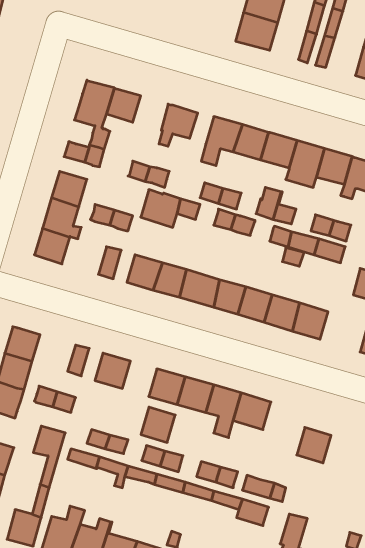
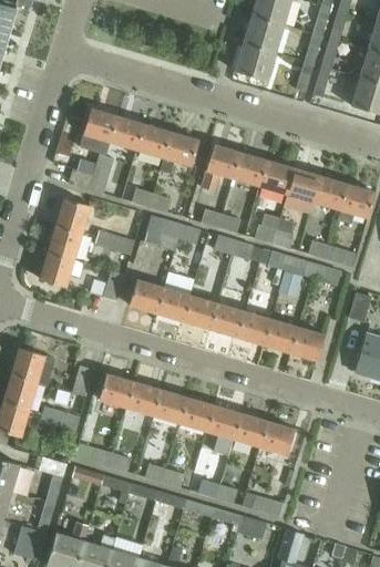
building: none -> [135,124,170,157]
building: [141,407,175,442] -> [125,381,158,415]
building: [297,427,331,463] -> [261,421,295,455]

